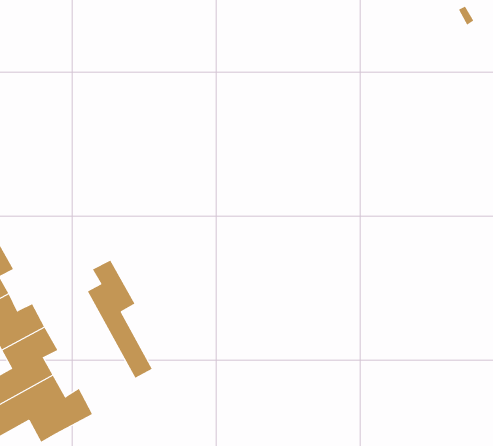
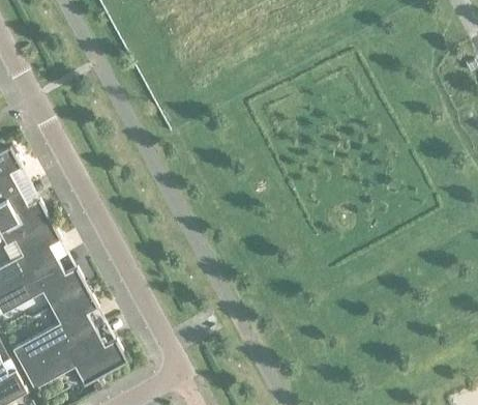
building: [87,260,152,378] -> none

